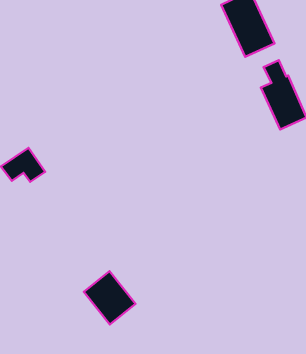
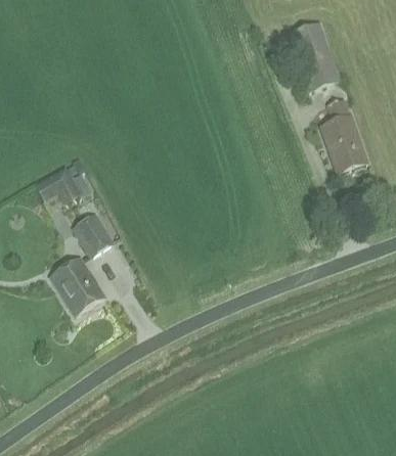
building: none -> [73,215,112,256]
building: [84,271,136,324] -> [49,258,103,315]

